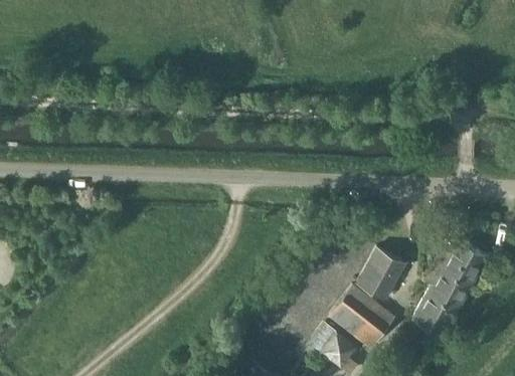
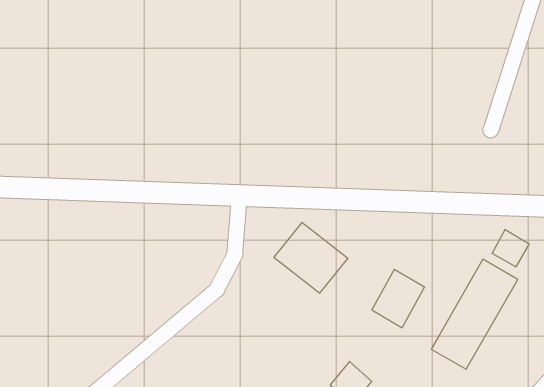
building: none -> [492,229,529,267]
building: [329,285,395,348] -> [274,222,348,293]

